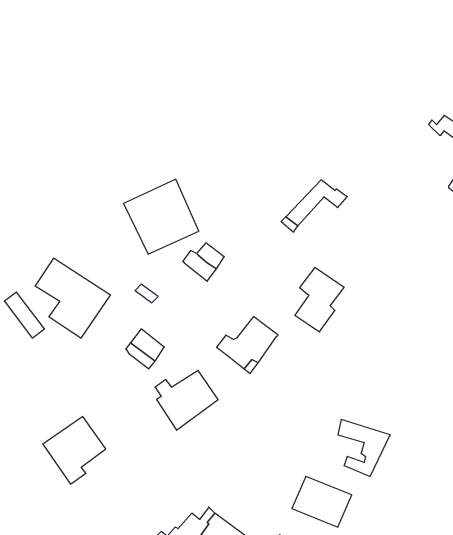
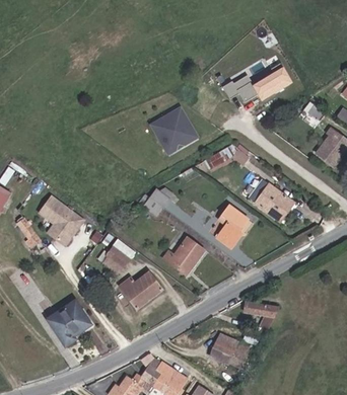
building: none -> [227,64,297,101]
building: [123,179,199,254] -> [154,105,204,155]
building: none -> [251,180,290,217]

